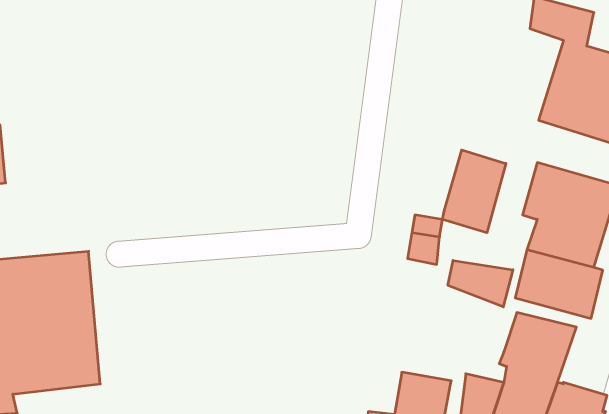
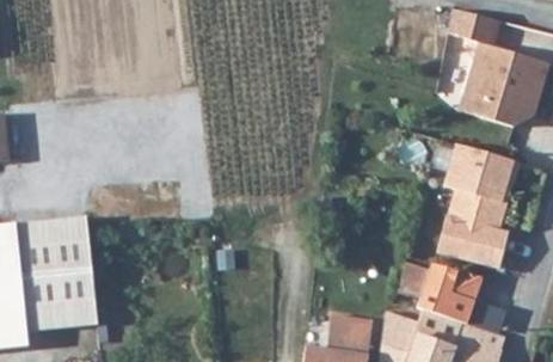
building: [443,150,506,233] -> none
building: [448,260,513,307] -> none

